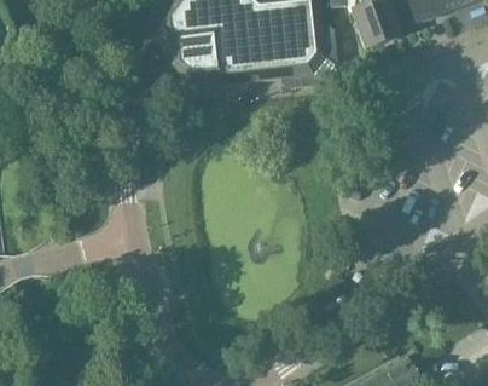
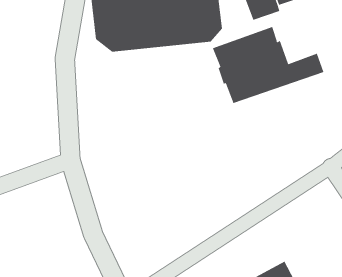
building: none -> [212,26,324,104]

